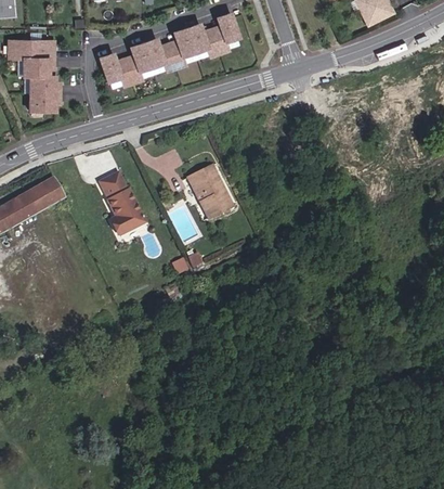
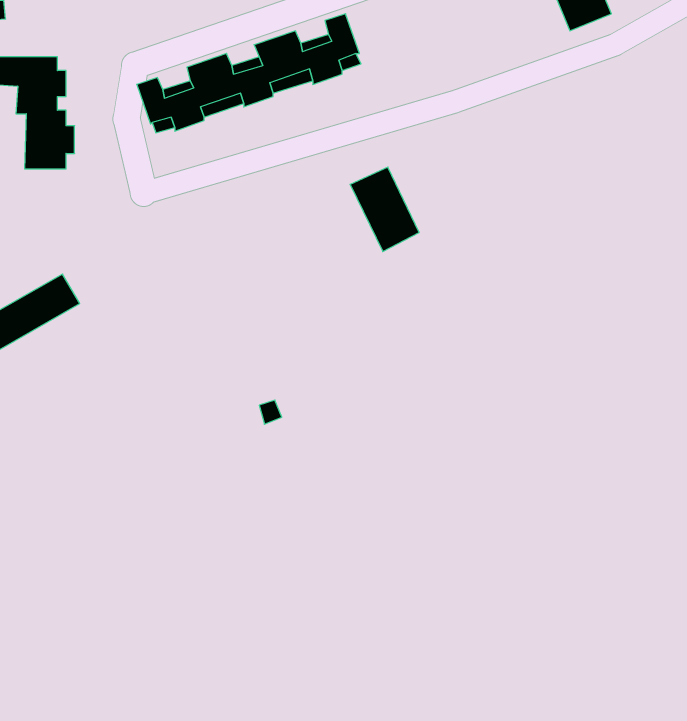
building: [191,164,234,217] -> [350,167,419,252]
building: [102,169,145,234] -> none

